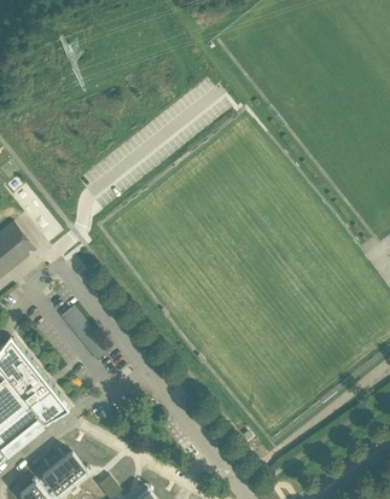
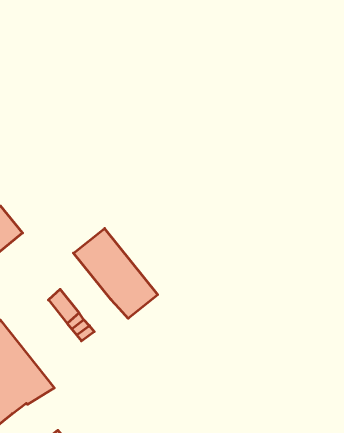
building: none -> [73,228,158,318]

